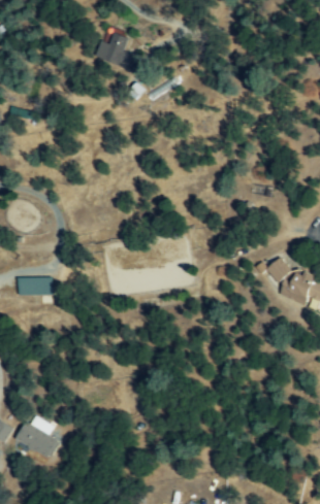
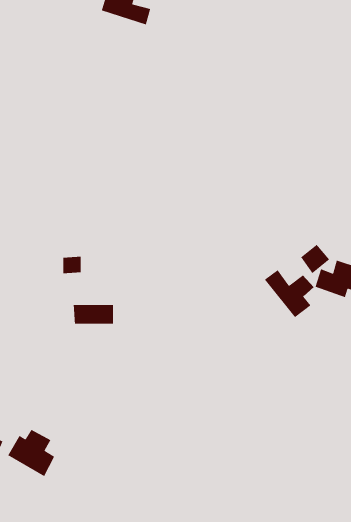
building: [17,277,52,295] -> [73,304,114,325]
building: none -> [264,269,314,318]

